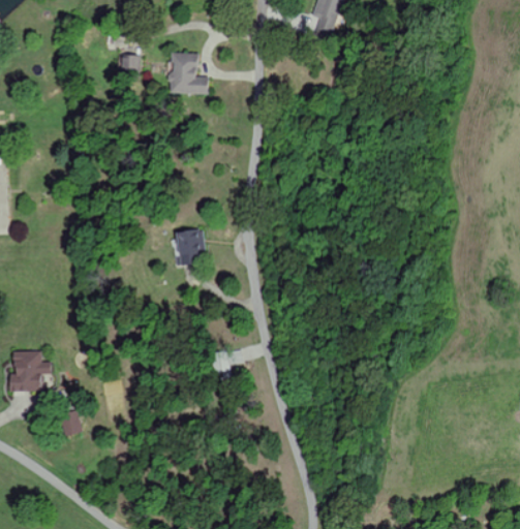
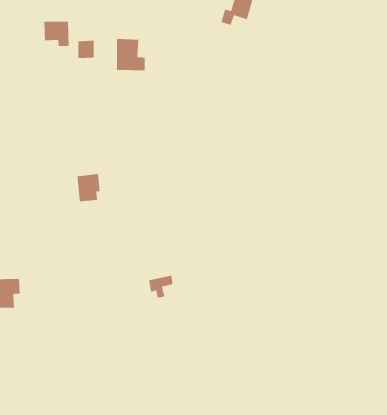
building: none -> [43,21,69,47]
building: [175,227,205,263] -> [77,173,100,202]
building: [60,409,83,435] -> none

